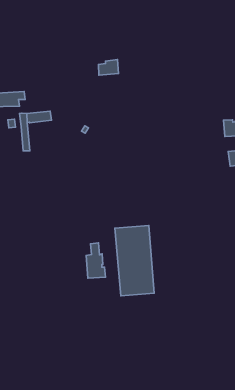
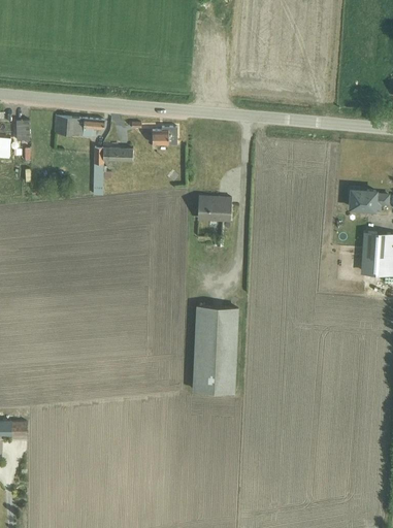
building: [98,60,118,75] -> [152,127,177,144]
building: none -> [198,195,232,222]
building: [86,243,105,278] -> none

